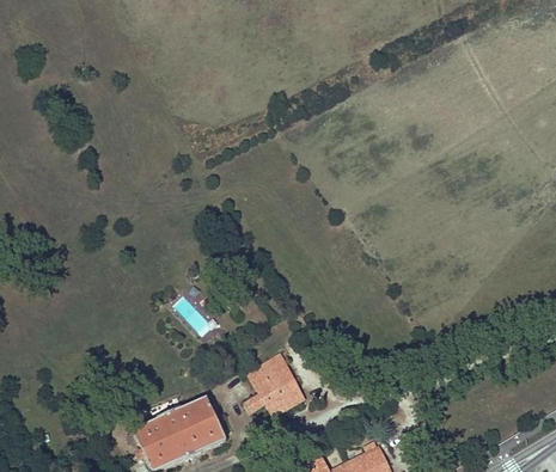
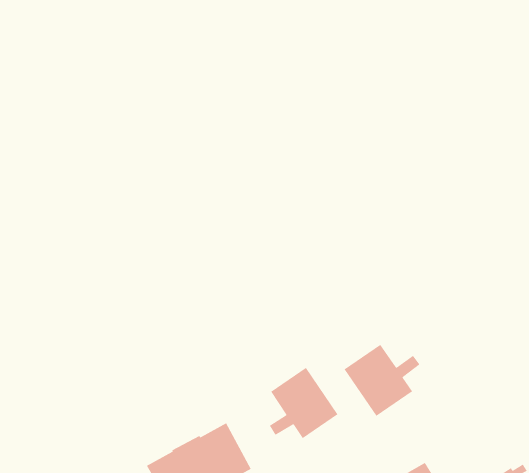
building: none -> [343,344,421,417]

